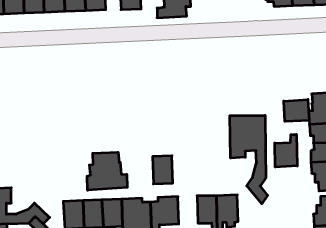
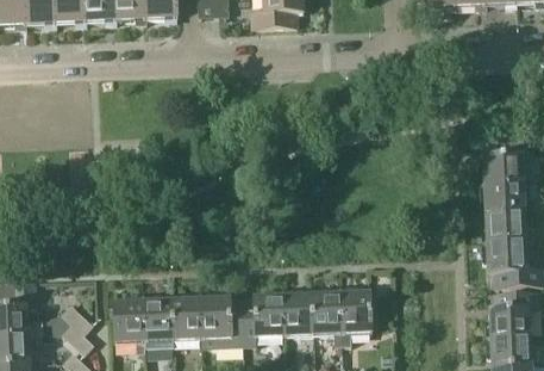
building: [284,99,309,121] -> none
building: [230,115,268,204] -> none
building: [275,134,297,167] -> none
building: [87,152,127,190] -> none
building: [153,156,173,184] -> [283,293,313,335]

